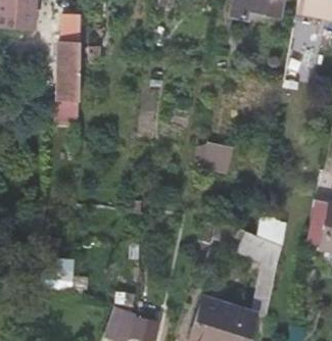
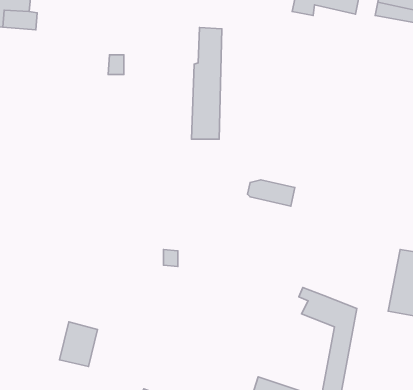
building: [57,12,81,99] -> [192,27,222,139]

